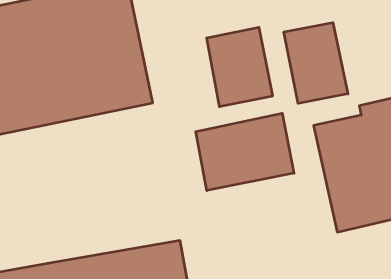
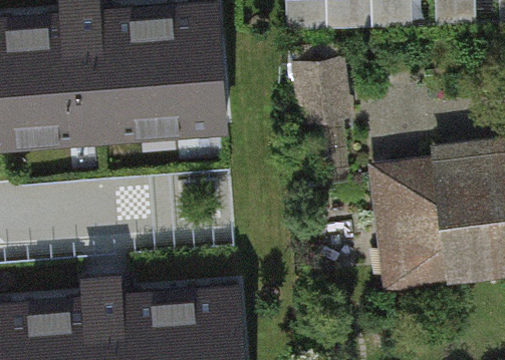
building: [284,23,348,103] -> none
building: [196,113,294,191] -> none

